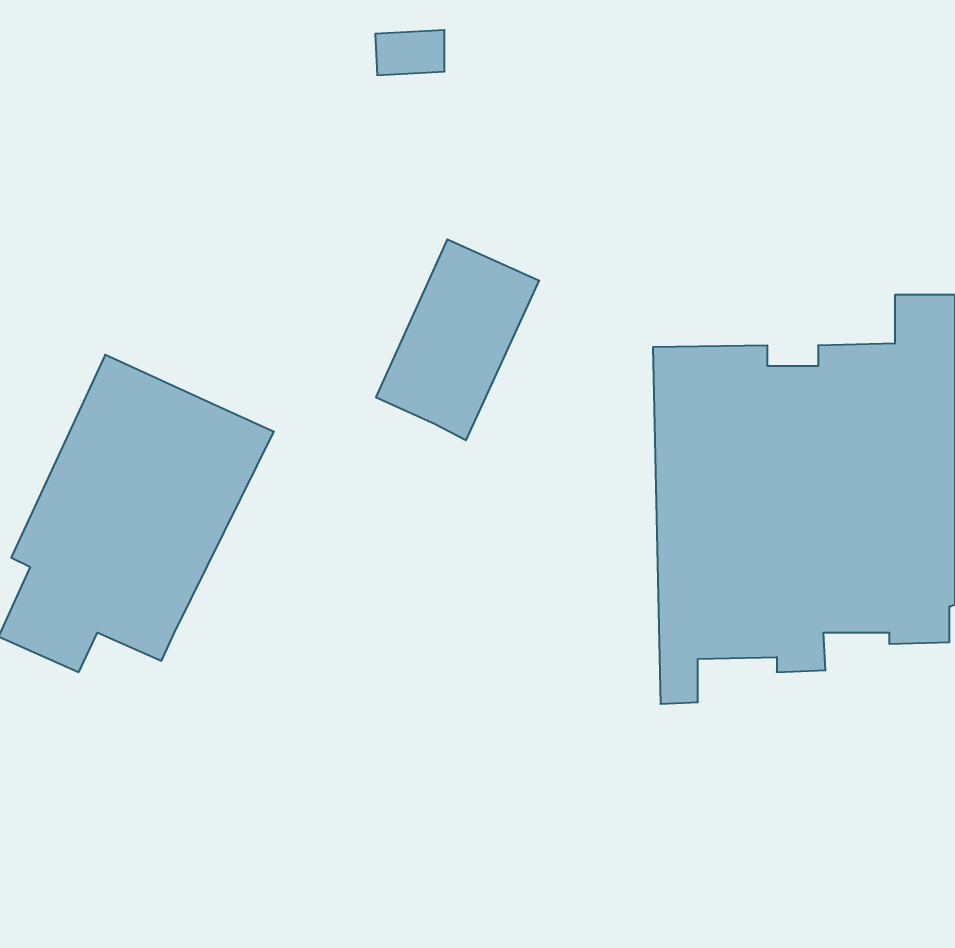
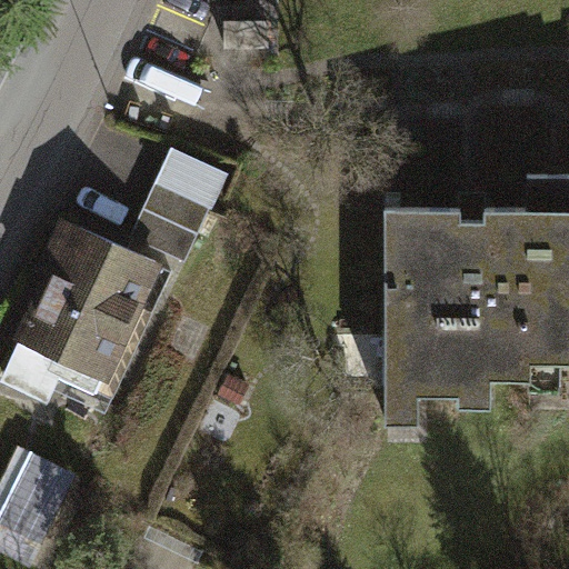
building: [376,239,539,440] -> [128,153,224,272]
building: none -> [7,462,81,552]

